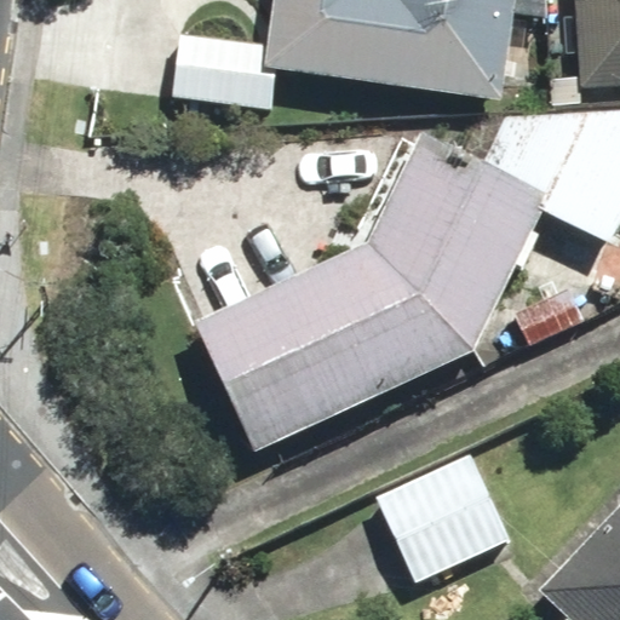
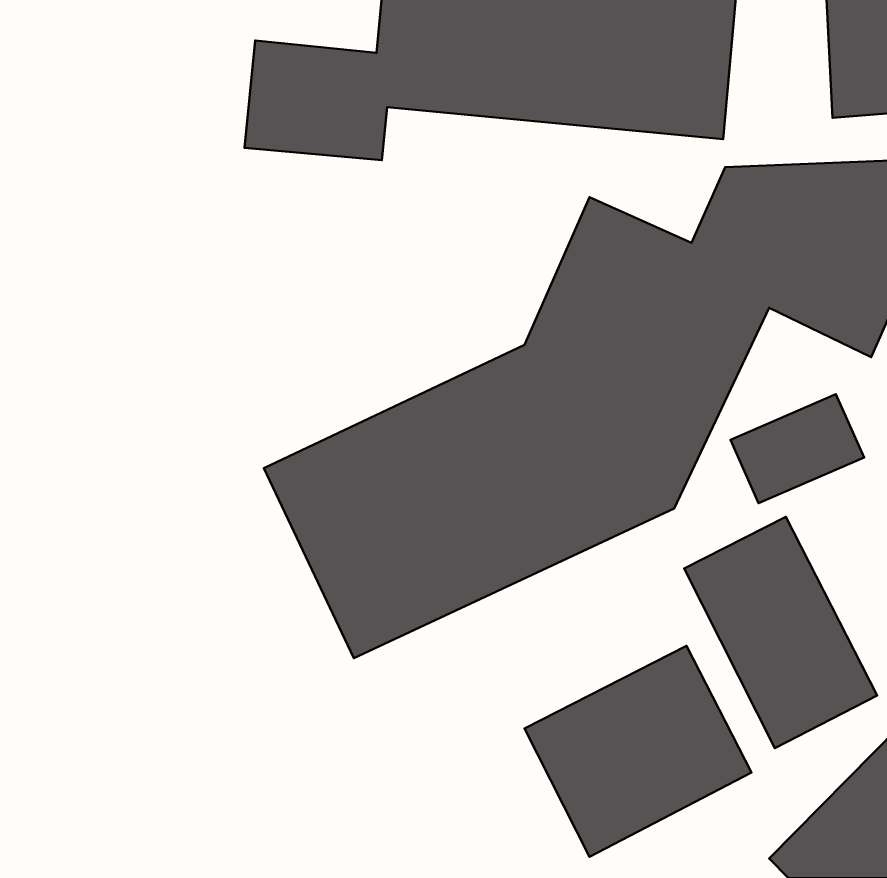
building: none -> [684,517,877,748]

